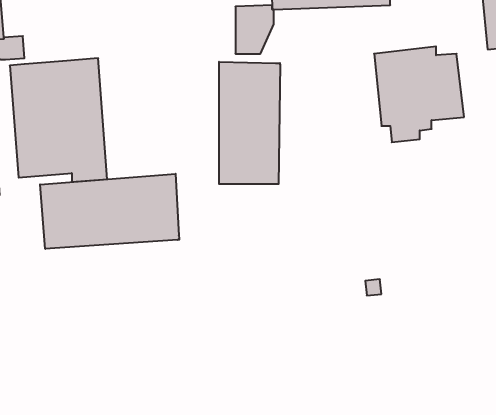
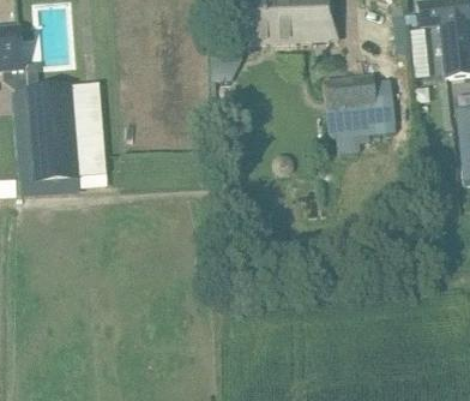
building: [219,62,280,184] -> none
building: [40,174,179,249] -> none

